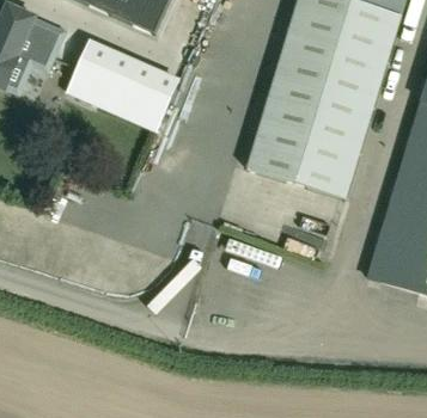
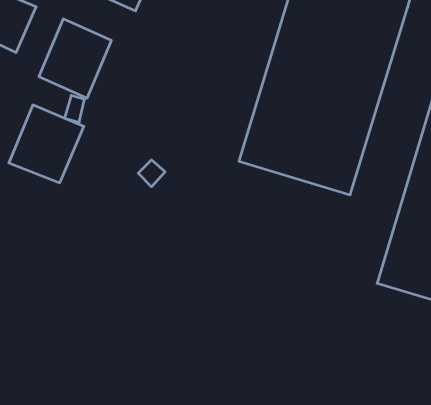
building: [110,60,177,129] -> [9,105,84,183]

